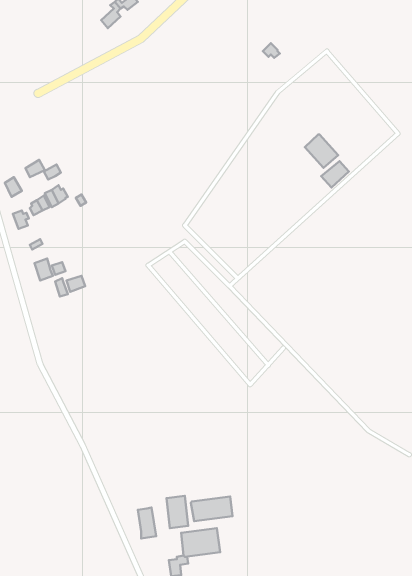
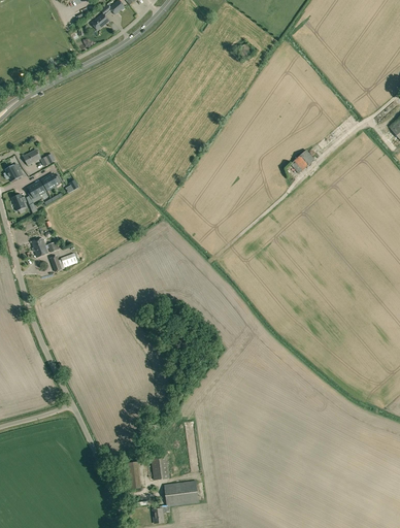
building: [305,135,338,168] -> none
building: [191,497,232,521] -> none

